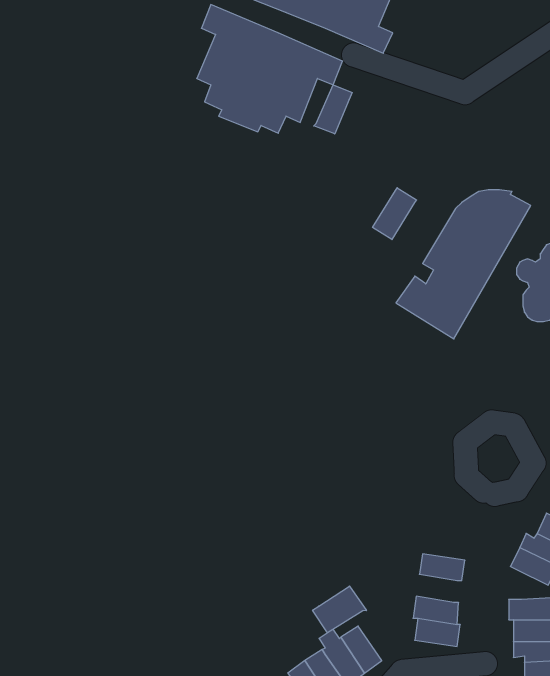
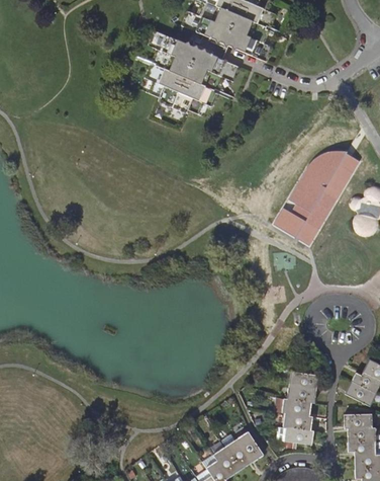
building: [314,85,352,134] -> none
building: [373,188,417,240] -> none
building: none -> [289,371,318,389]
building: none -> [282,398,311,416]
building: [313,586,366,633] -> none

